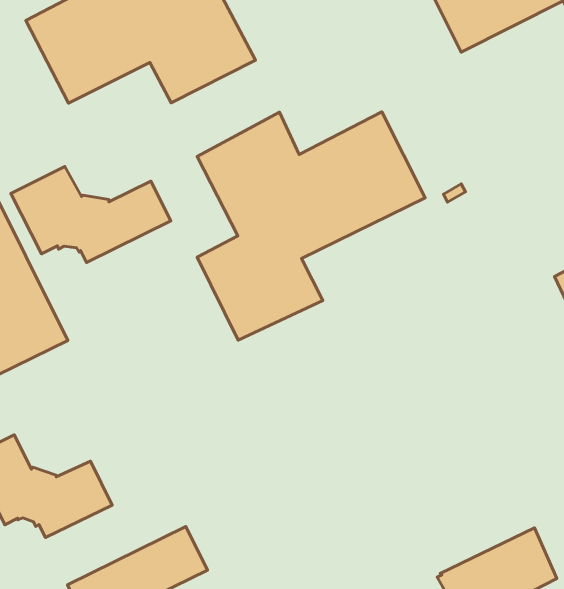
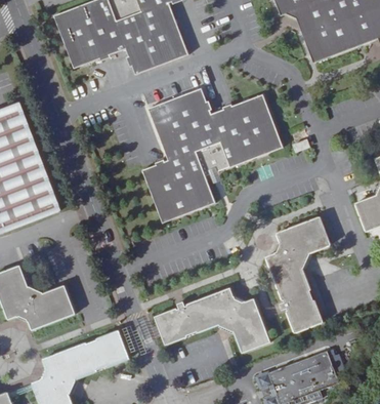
building: [11,167,171,262] -> none
building: none -> [264,216,330,332]
building: none -> [154,287,269,353]

